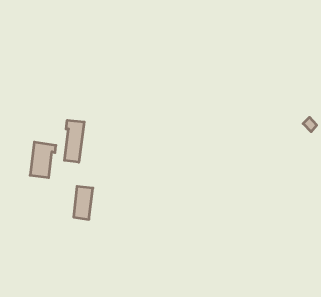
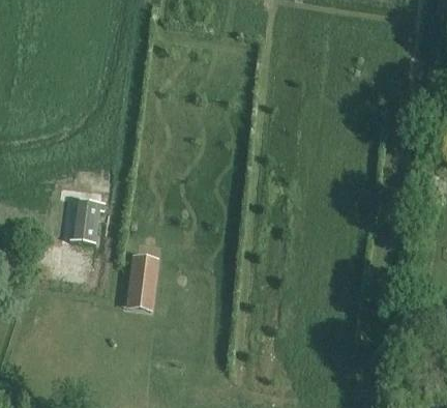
building: [64,120,84,162] -> none

